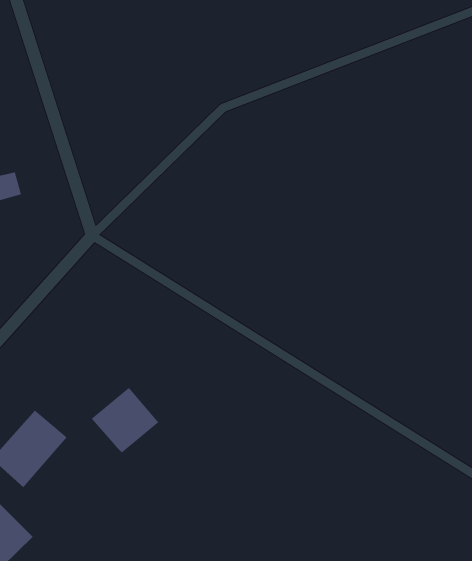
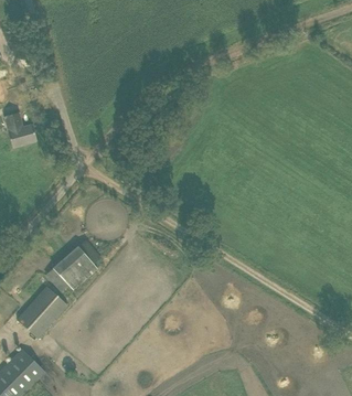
building: [91,388,159,453] -> [51,246,97,290]

